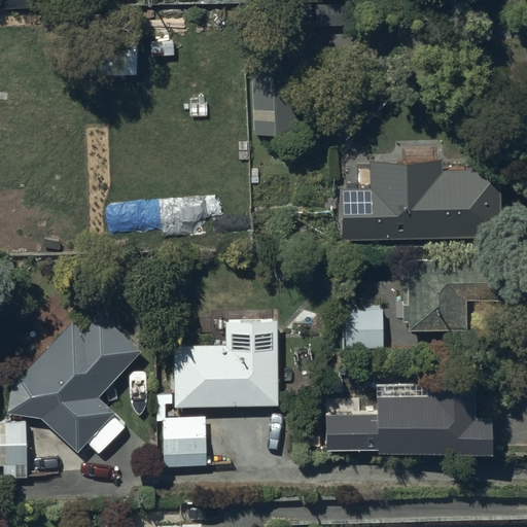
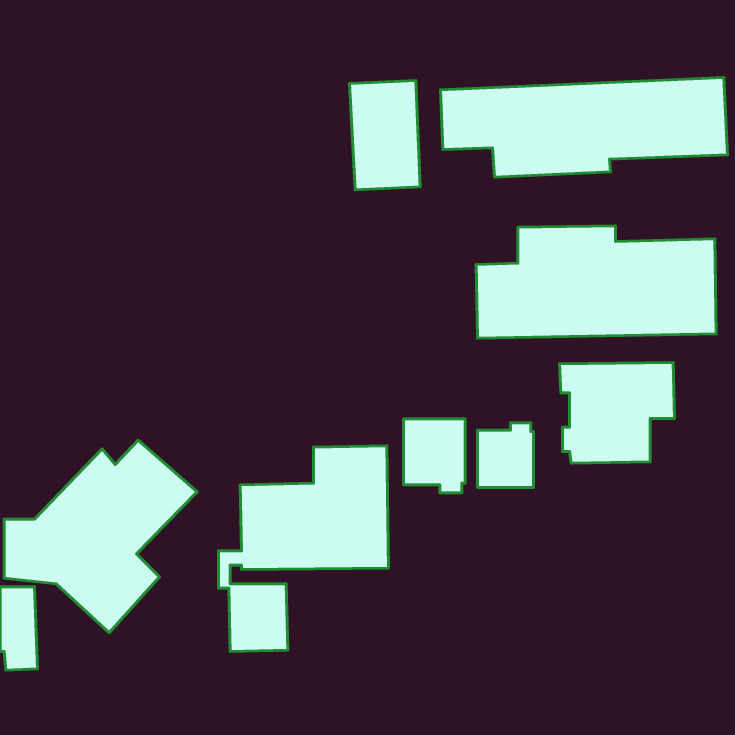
building: none -> [440,78,728,177]
building: none -> [403,419,465,493]
building: [325,381,492,457] -> none

